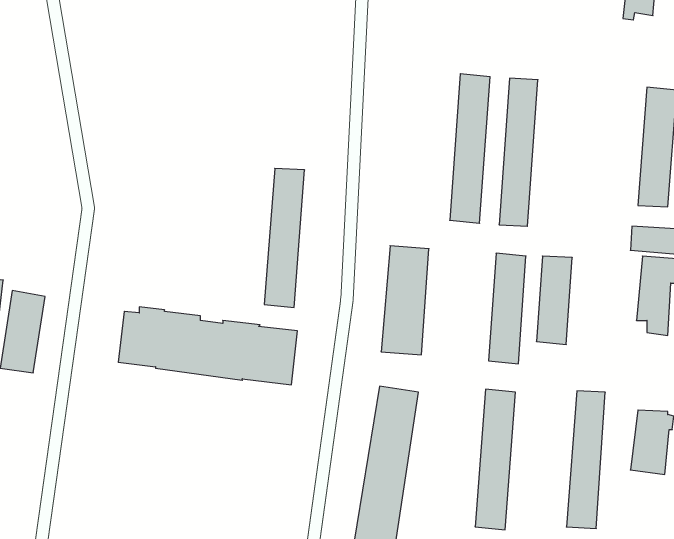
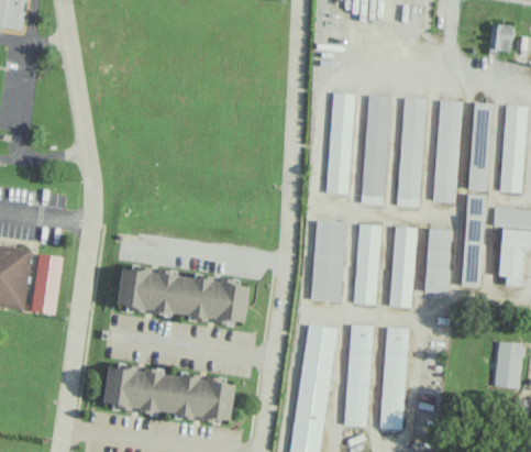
building: none -> [433,100,462,202]
building: none -> [467,102,493,190]
building: [264,168,305,307] -> [325,92,355,195]
building: none -> [461,195,486,287]
building: none -> [353,224,380,305]
building: [566,391,605,528] -> [344,324,373,426]
building: none -> [102,365,234,422]

